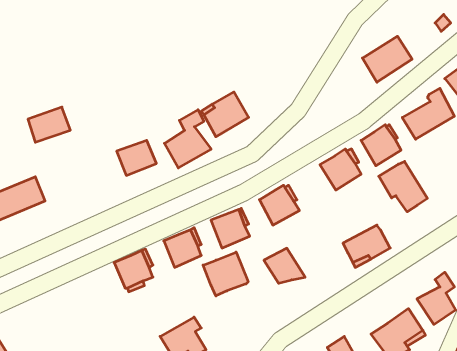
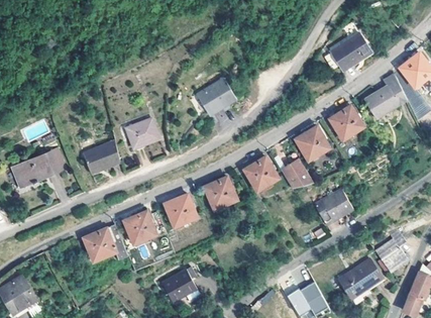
building: [28,107,70,142] -> [84,142,119,172]
building: [164,110,211,168] -> none
building: [379,161,427,212] -> none
building: [264,248,305,283] -> [281,158,315,188]
building: [203,252,248,296] -> none
building: none -> [83,225,128,259]

